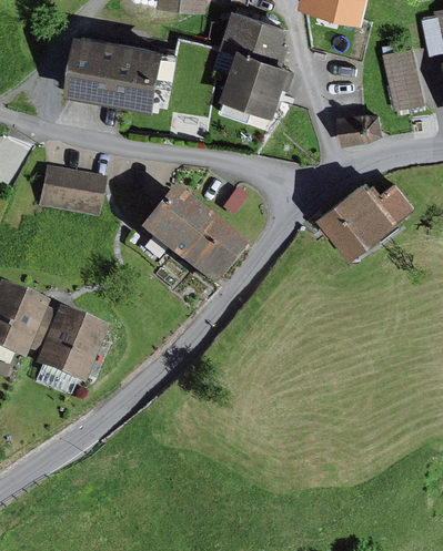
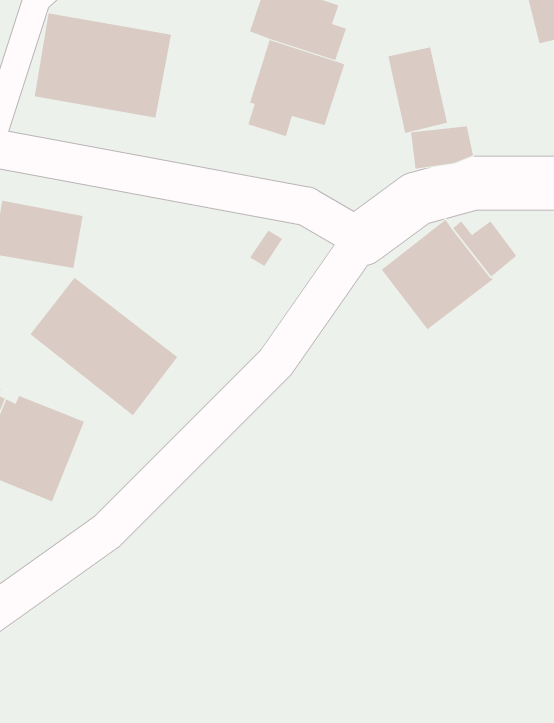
building: [382,49,425,111] -> [387,47,448,134]
building: [139,188,245,288] -> [29,277,178,416]

